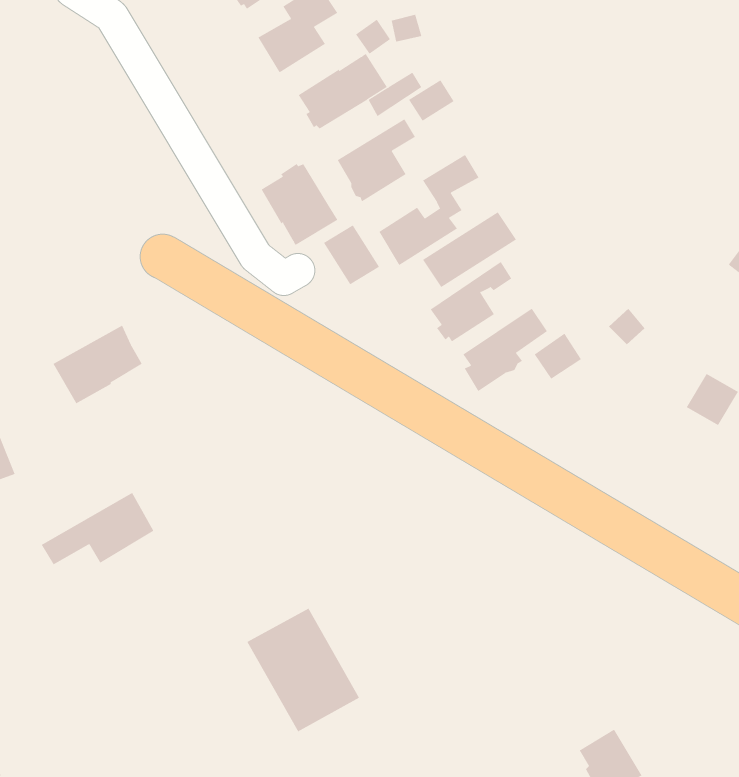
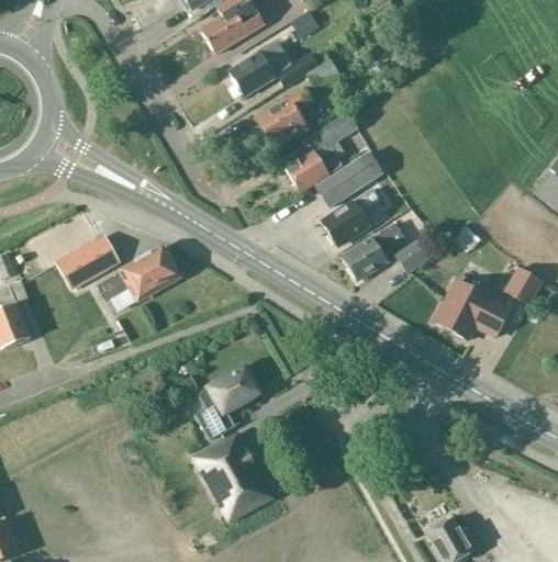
building: [261,163,338,246] -> none
building: [323,224,380,285] -> none
building: none -> [434,279,511,338]
building: [41,492,154,565] -> [98,247,178,299]
building: none -> [198,367,256,438]

